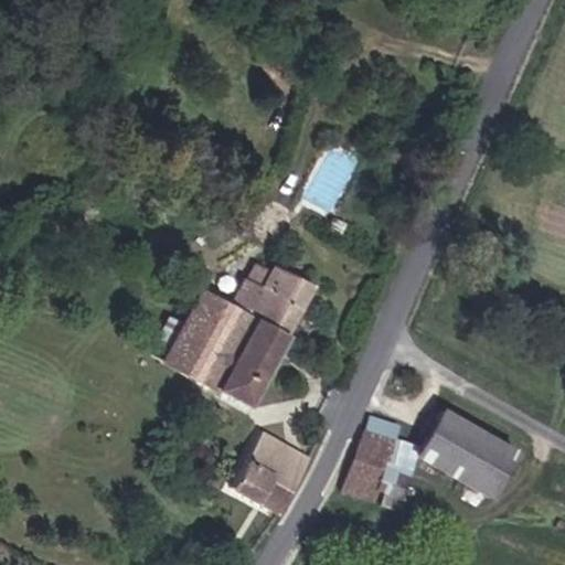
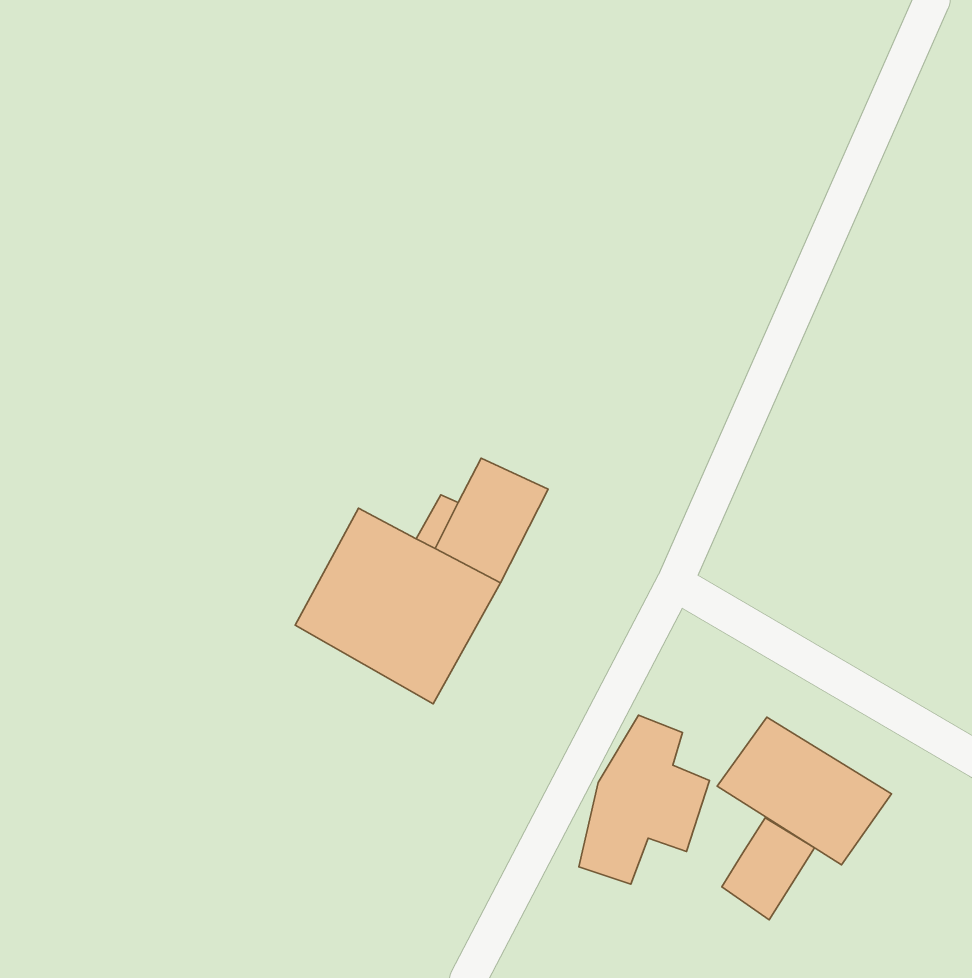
building: [232,415,316,505] -> none
building: none -> [722,818,815,920]

